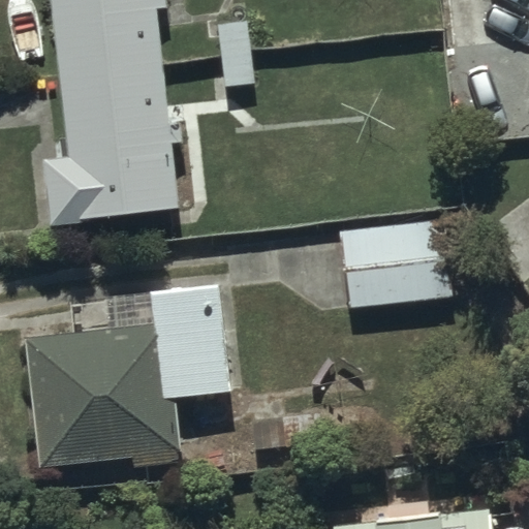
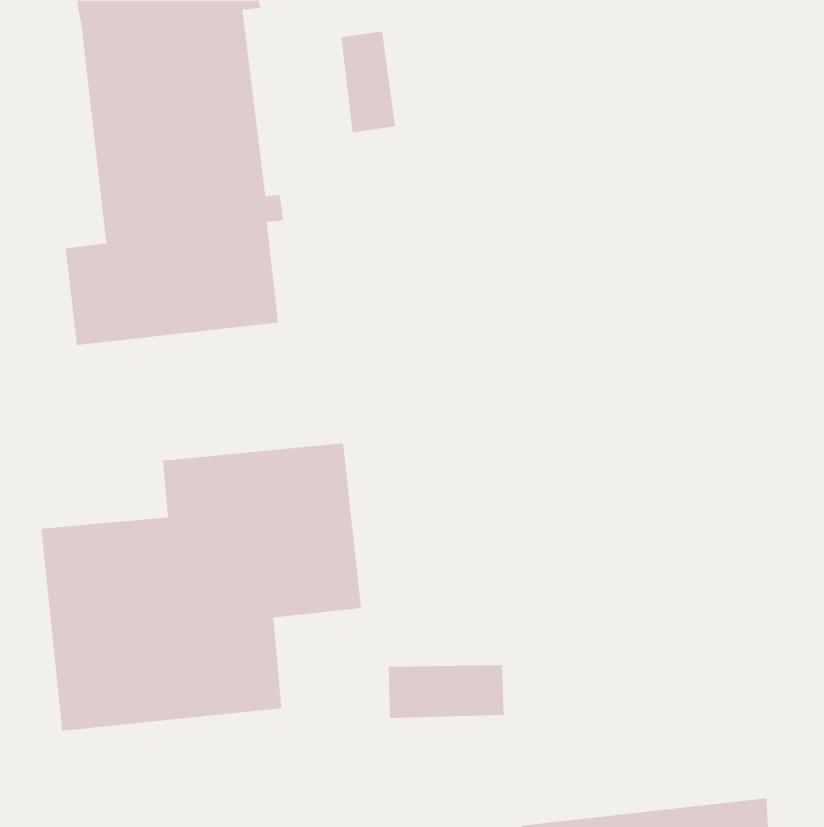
building: [341,221,452,307] -> none

